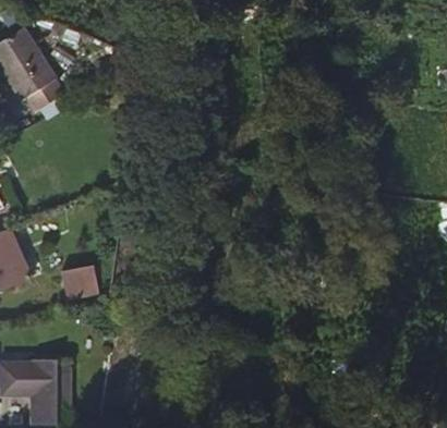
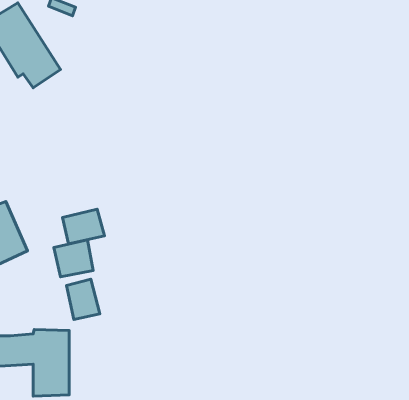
building: none -> [63,209,105,244]
building: none -> [66,279,100,320]

